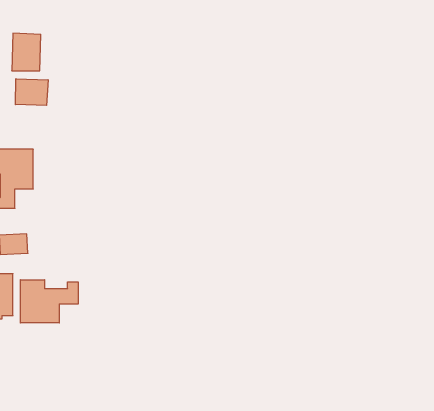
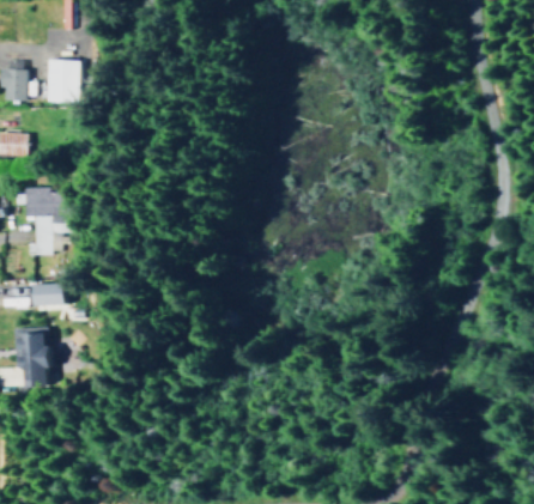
building: [15,79,48,105] -> none
building: [20,280,78,323] -> none

